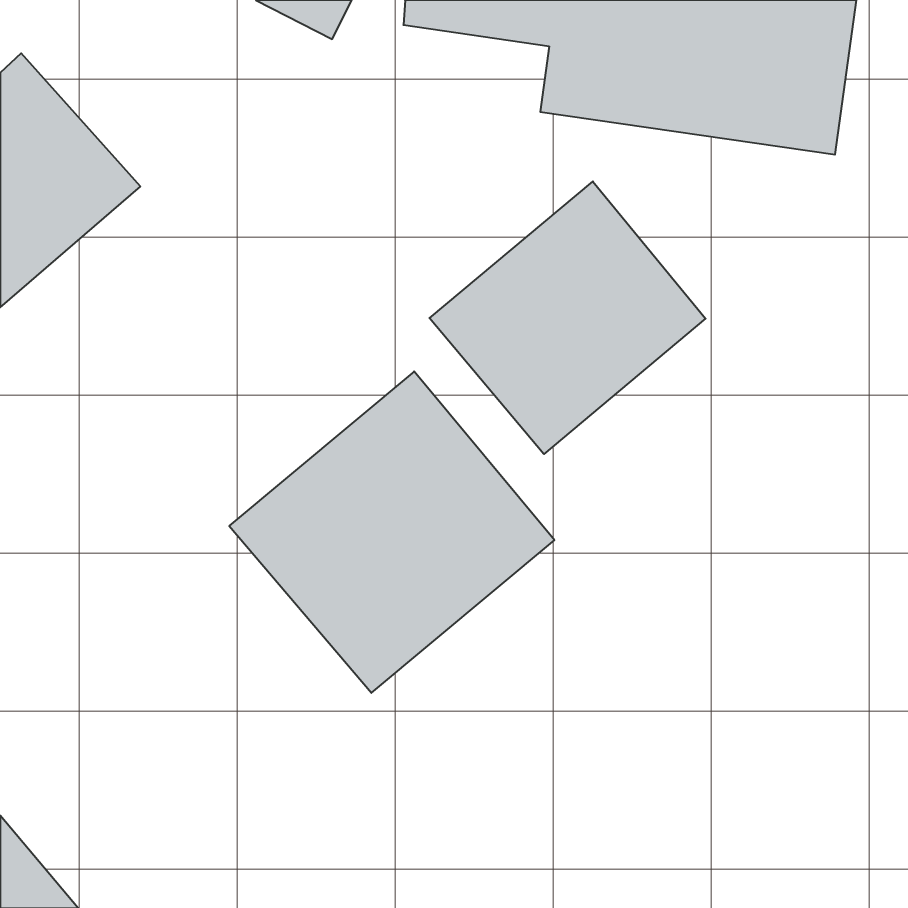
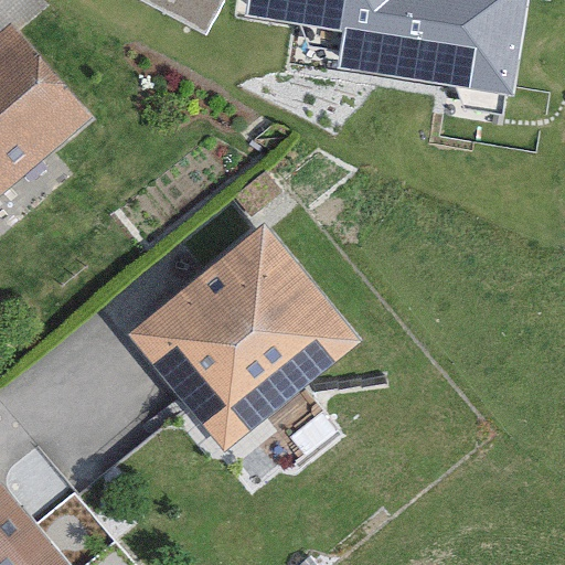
building: [429,181,706,454] -> none

